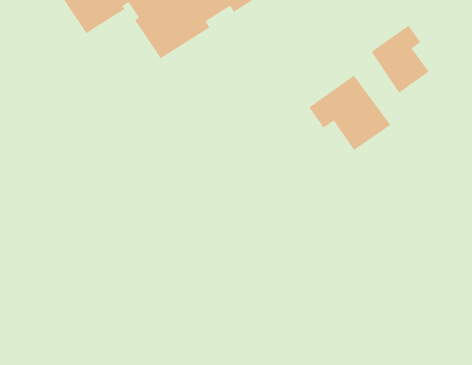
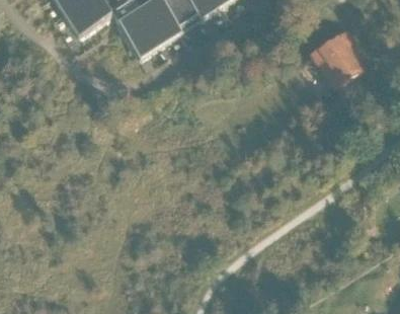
building: [308,75,391,151] -> none

